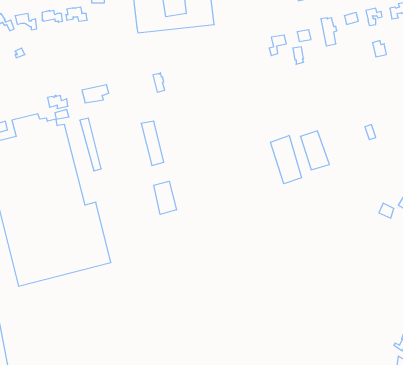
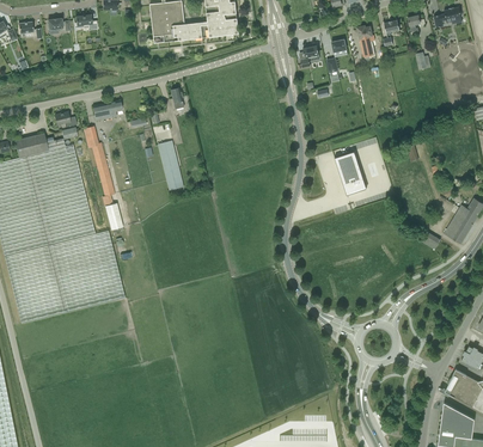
building: [271,135,302,184] -> none
building: [154,181,176,214] -> none

